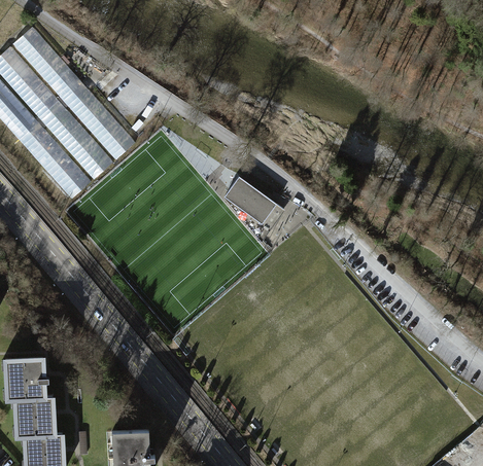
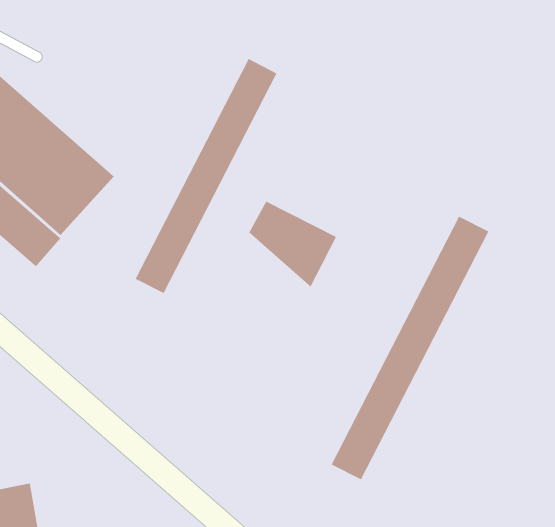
building: none -> [135,58,277,294]
building: none -> [331,216,489,480]

